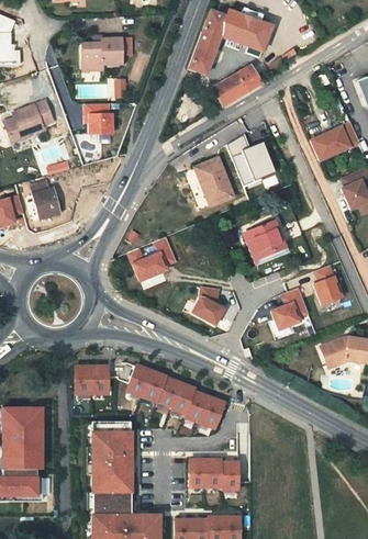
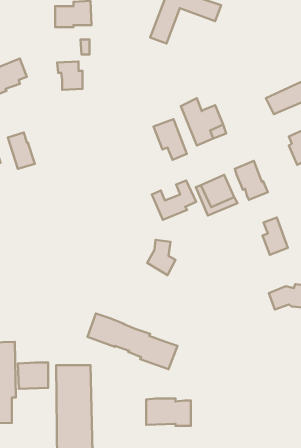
building: [218,70,264,109] -> none
building: none -> [235,161,268,200]
building: [124,238,172,281] -> [152,180,196,220]
building: [269,289,305,330] -> none
building: [71,370,104,398] -> [18,362,48,389]

